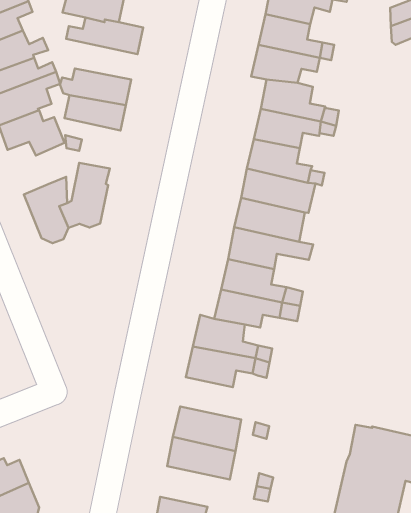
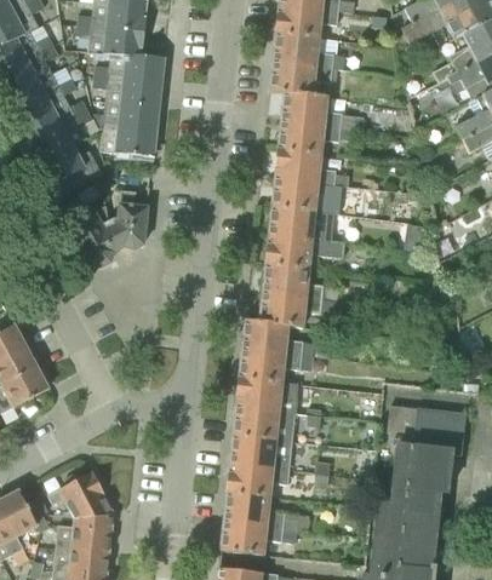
building: none -> [93,75,162,107]
building: none -> [236,378,297,412]
building: none -> [227,463,290,496]

